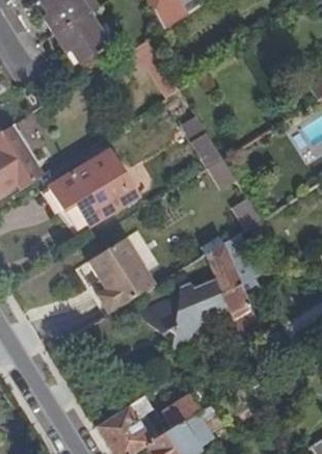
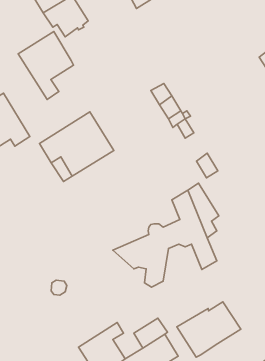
building: none -> [18,32,74,100]
building: [88,238,155,313] -> none
building: none -> [177,302,241,357]

